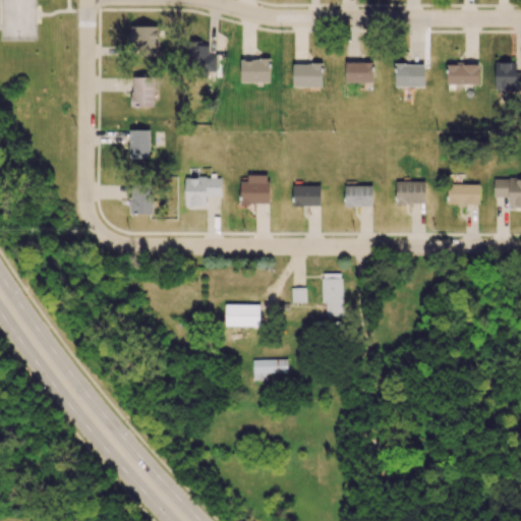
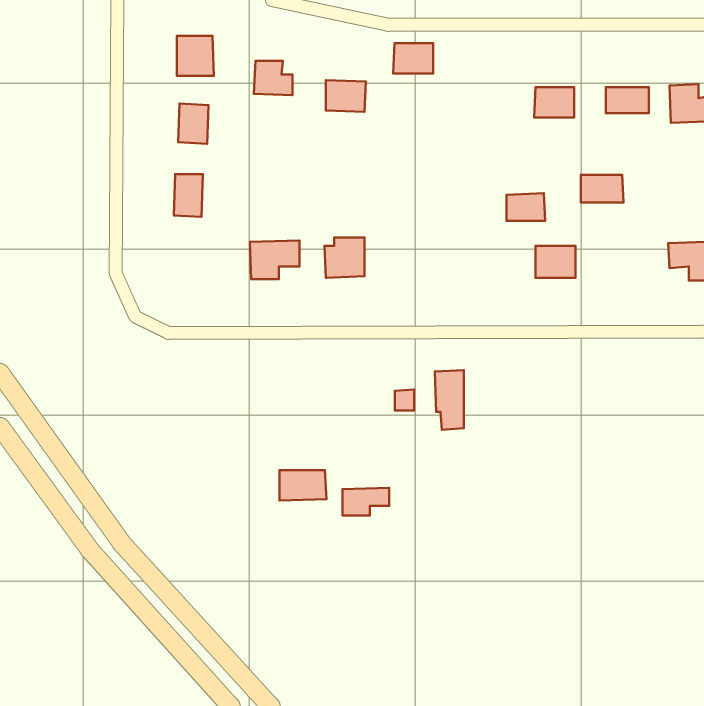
building: [346,62,373,83] -> none
building: [293,64,323,86] -> [393,43,433,74]
building: [131,181,154,215] -> none
building: [449,184,480,205] -> [581,175,624,202]
building: [293,185,322,206] -> none
building: [345,185,373,206] -> [507,193,545,221]
building: [226,304,260,327] -> [279,470,326,501]

